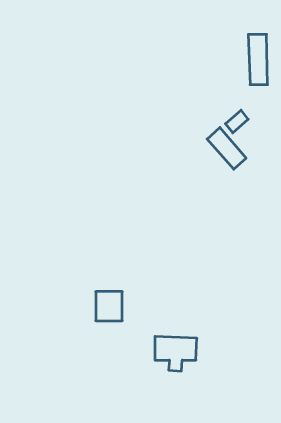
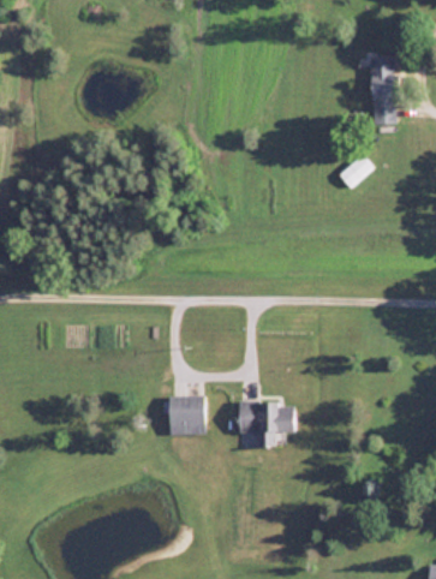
building: [207,127,246,169] -> none
building: [155,336,197,371] -> [239,401,294,447]

